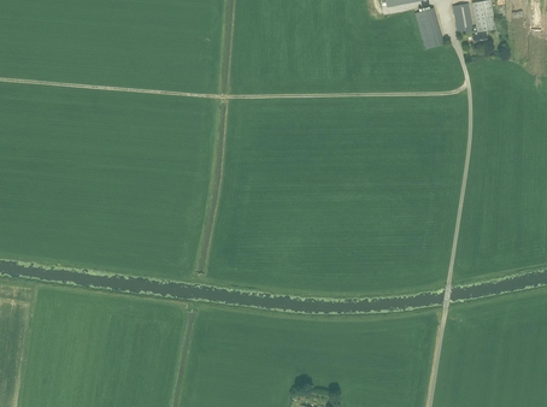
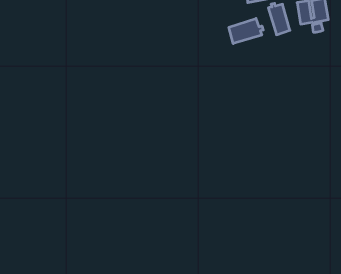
building: none -> [229,18,263,44]

